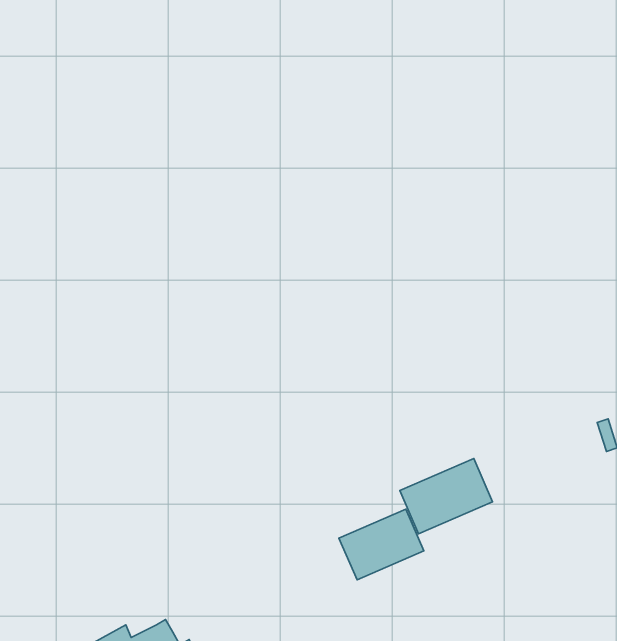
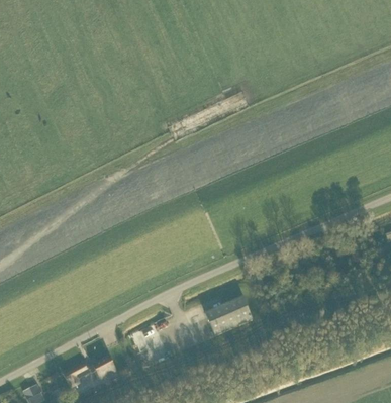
building: [400,459,492,534] -> none

